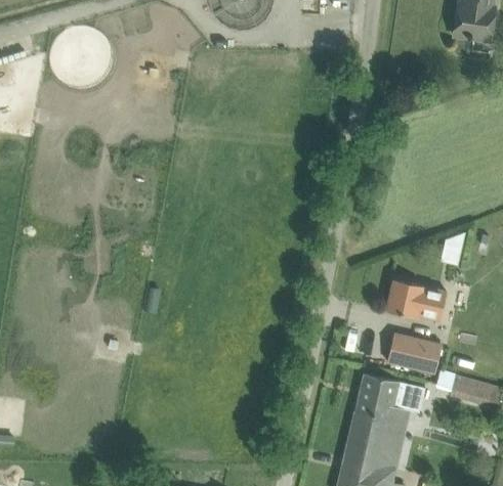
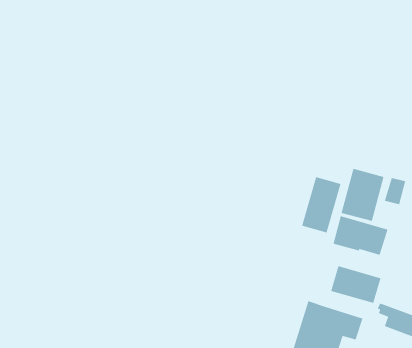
building: none -> [341,168,385,222]
building: none -> [301,176,342,233]

